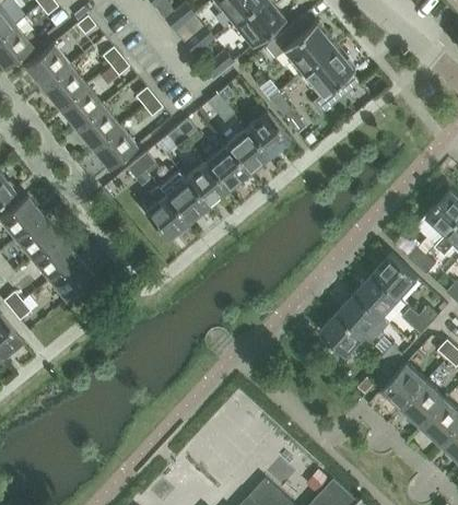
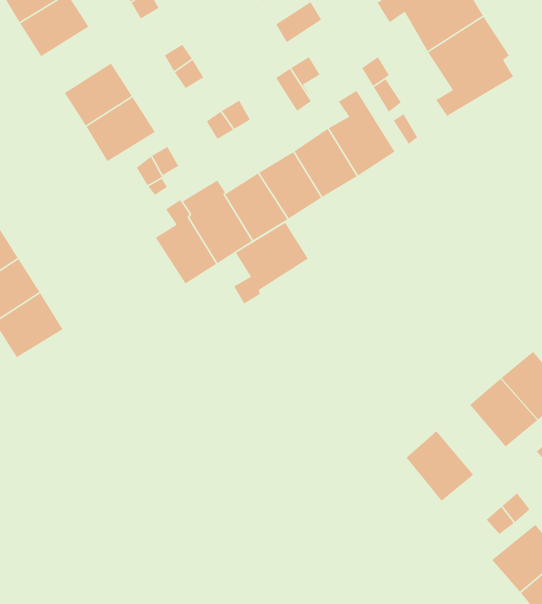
building: [58,85,103,129] -> none
building: none -> [233,222,309,304]
building: [338,294,383,338] -> none

